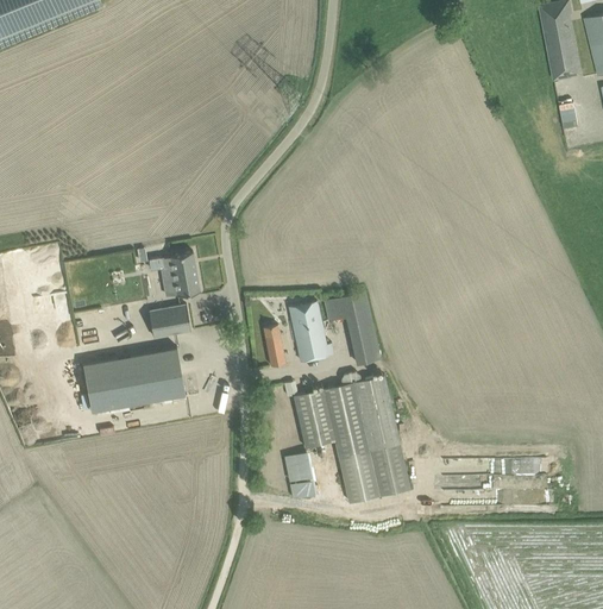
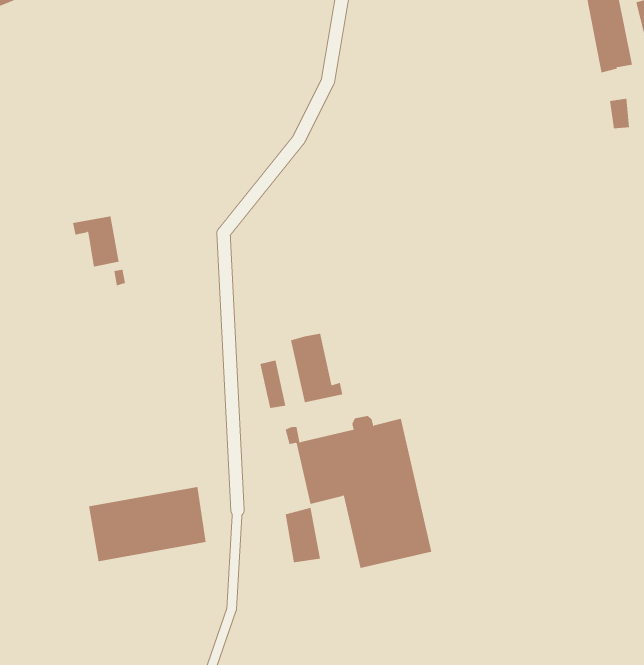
building: [159,252,200,296] -> [72,216,120,267]
building: [324,291,381,365] -> none
building: [149,304,190,338] -> none
building: [83,347,184,412] -> [88,487,206,562]

